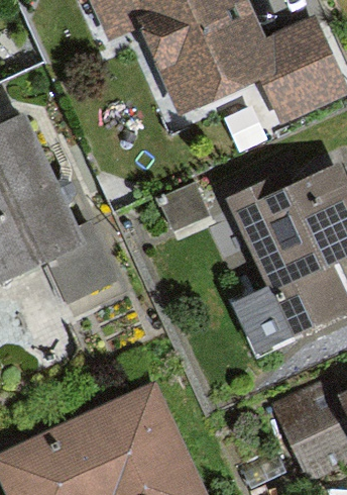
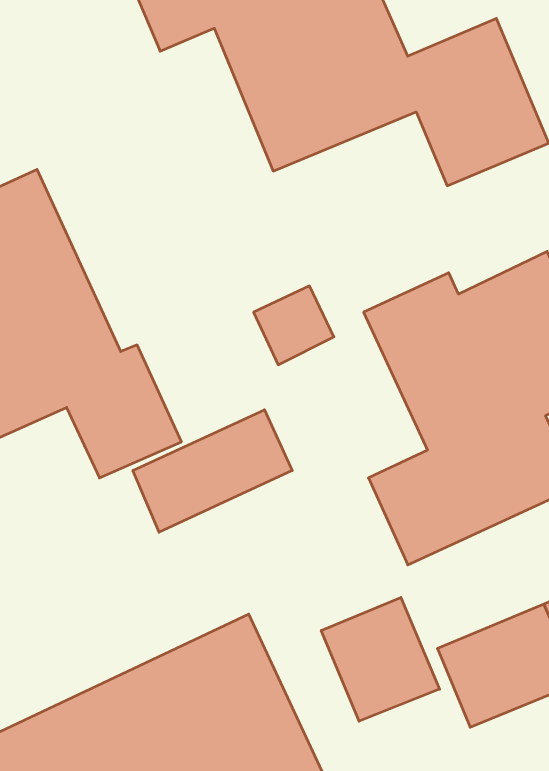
building: none -> [133,410,292,532]
building: none -> [321,597,440,721]

